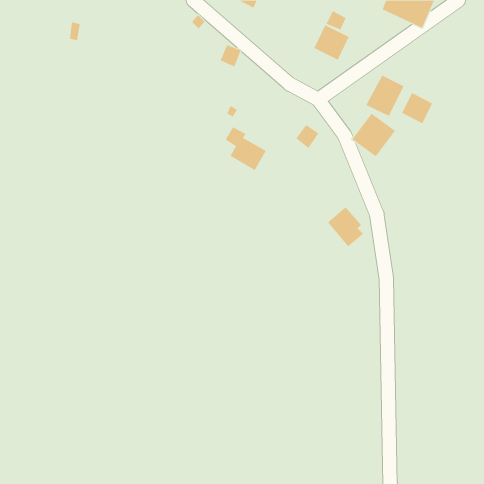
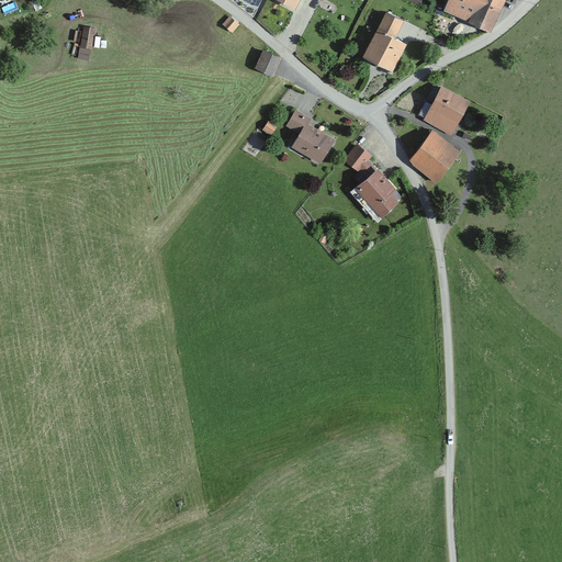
building: [402,92,433,124] -> none
building: [225,126,266,171] -> [285,111,334,162]
building: [327,206,364,247] -> [355,169,397,216]

